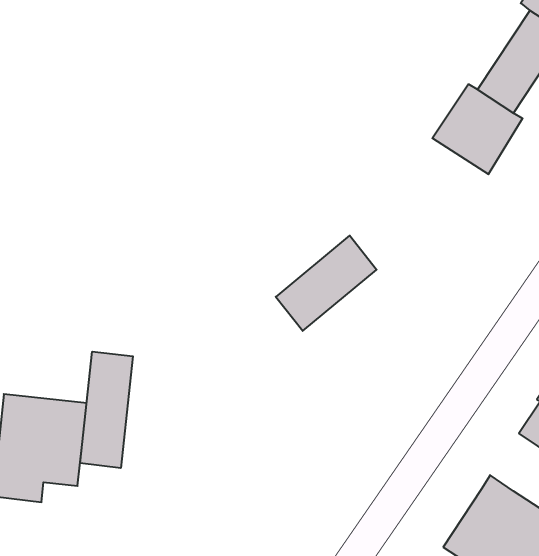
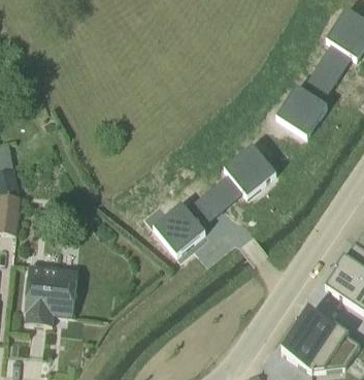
building: none -> [224,146,275,198]
building: none -> [153,203,205,256]
building: [80,352,133,468] -> none

